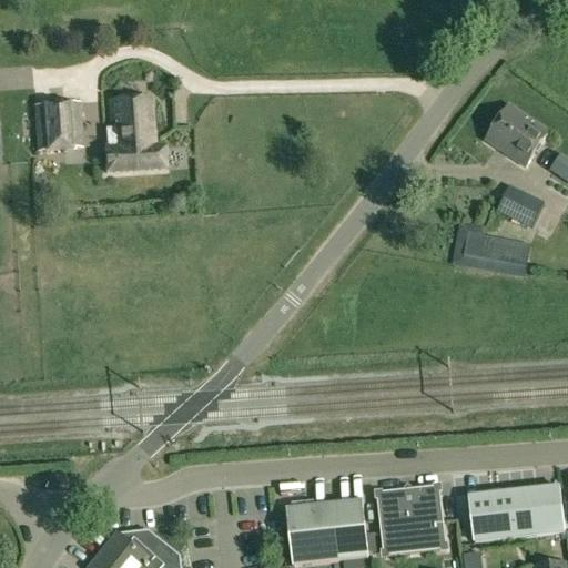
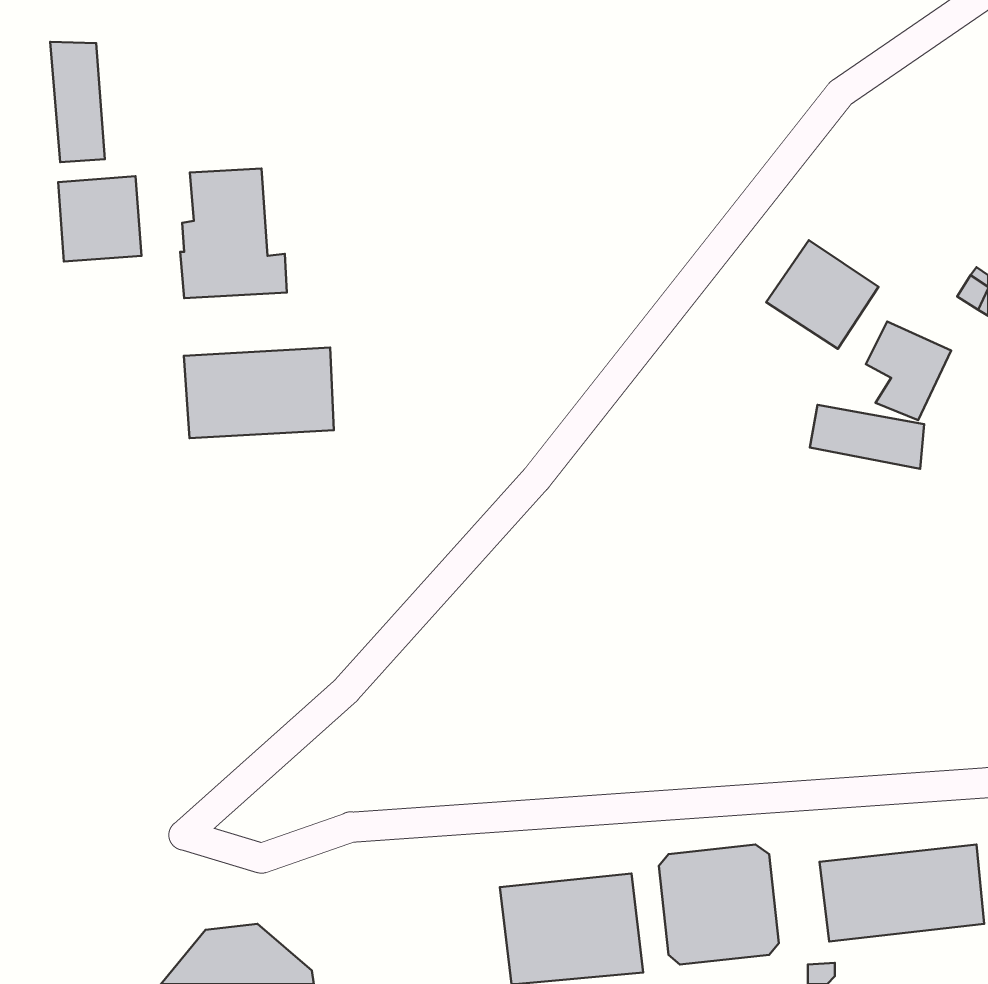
building: none -> [50,42,105,162]
building: [484,103,548,165] -> [766,240,878,349]
building: none -> [184,348,334,438]

